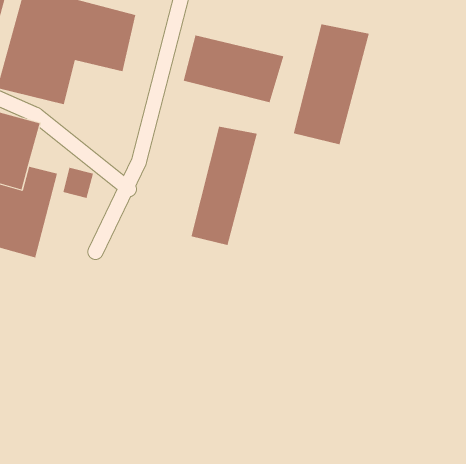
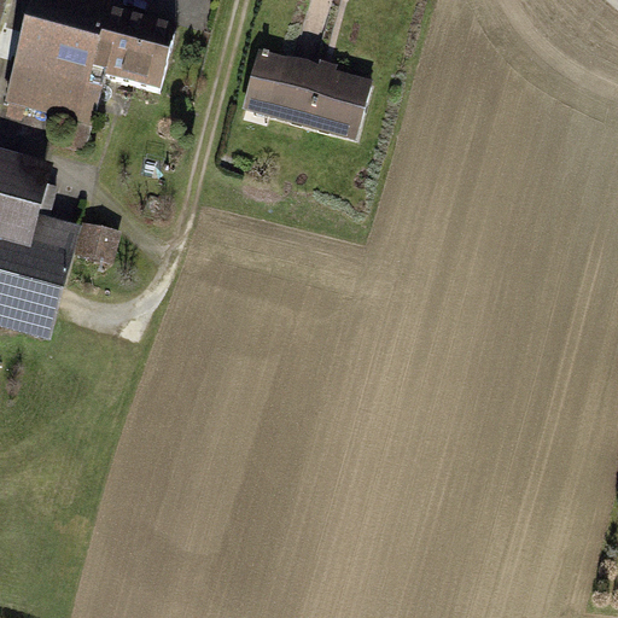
building: [293,23,369,145] -> none
building: [191,126,257,246] -> none

